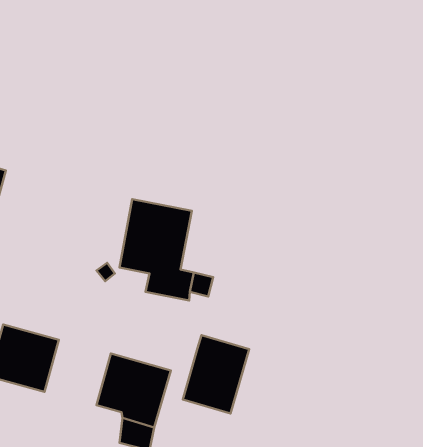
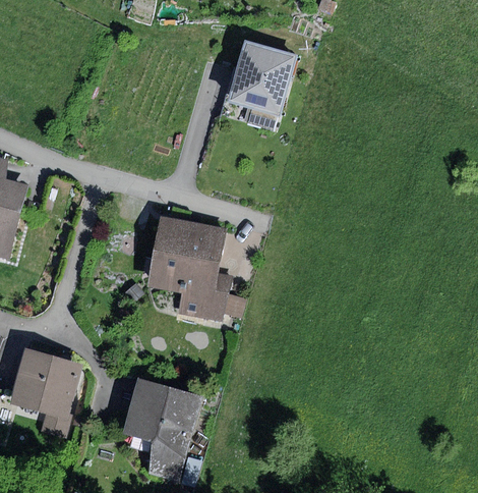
building: none -> [229,42,297,131]
building: [183,335,249,413] -> none

